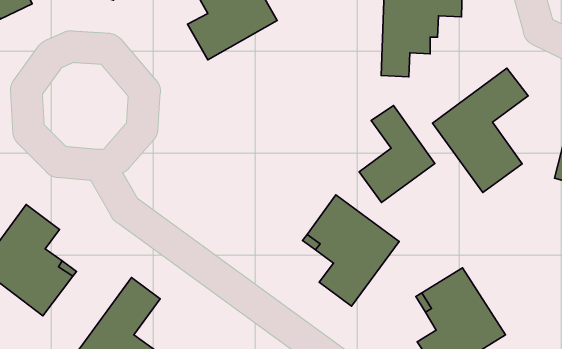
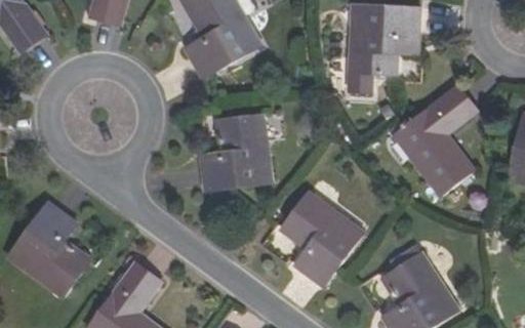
building: [359,105,435,202] -> none
building: none -> [200,116,271,191]

